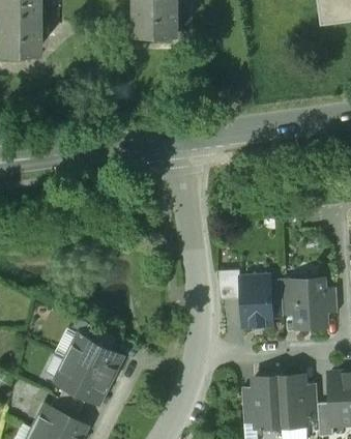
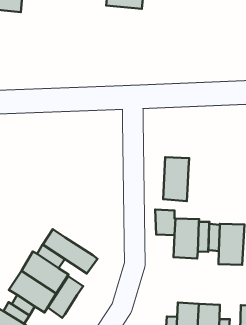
building: none -> [163,157,189,201]
building: none -> [43,229,97,273]
building: none -> [48,276,83,318]

